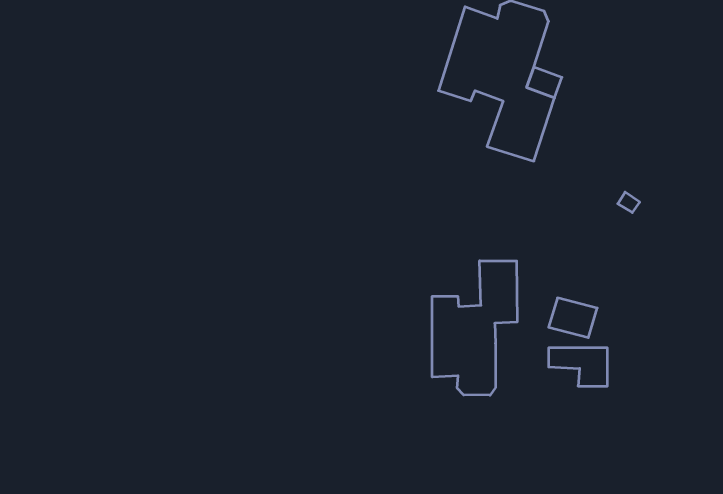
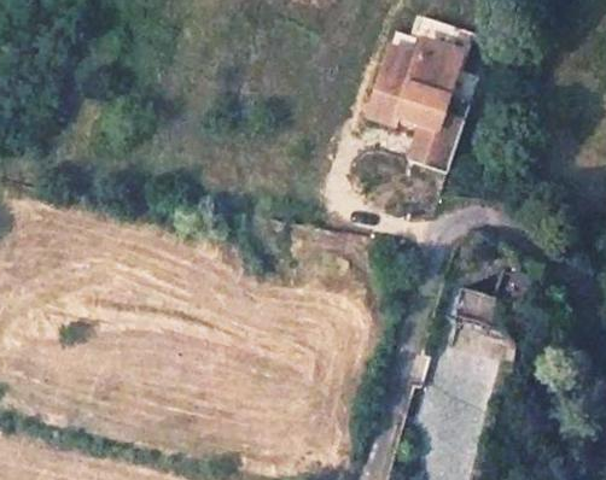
building: [432,261,517,395] -> none

